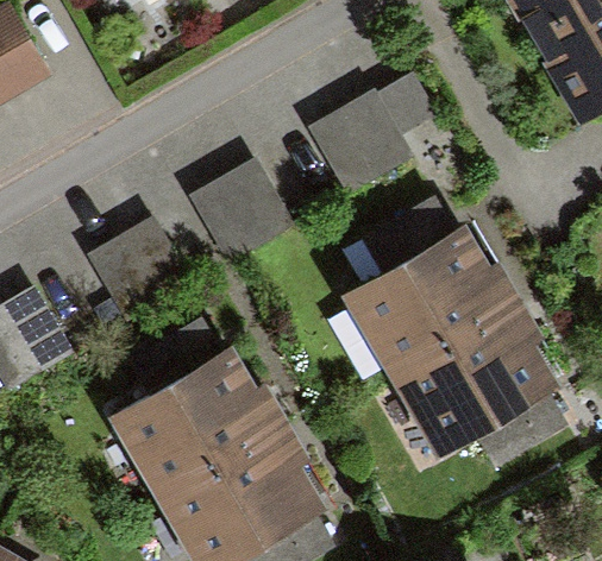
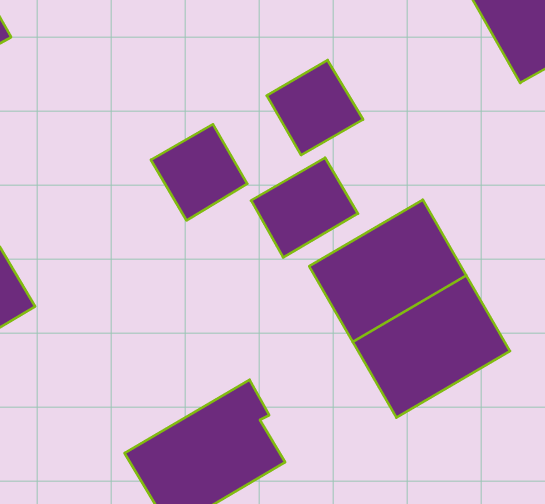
building: none -> [251,158,358,257]
building: [86,216,186,315] -> none
building: [113,349,290,499] -> none

